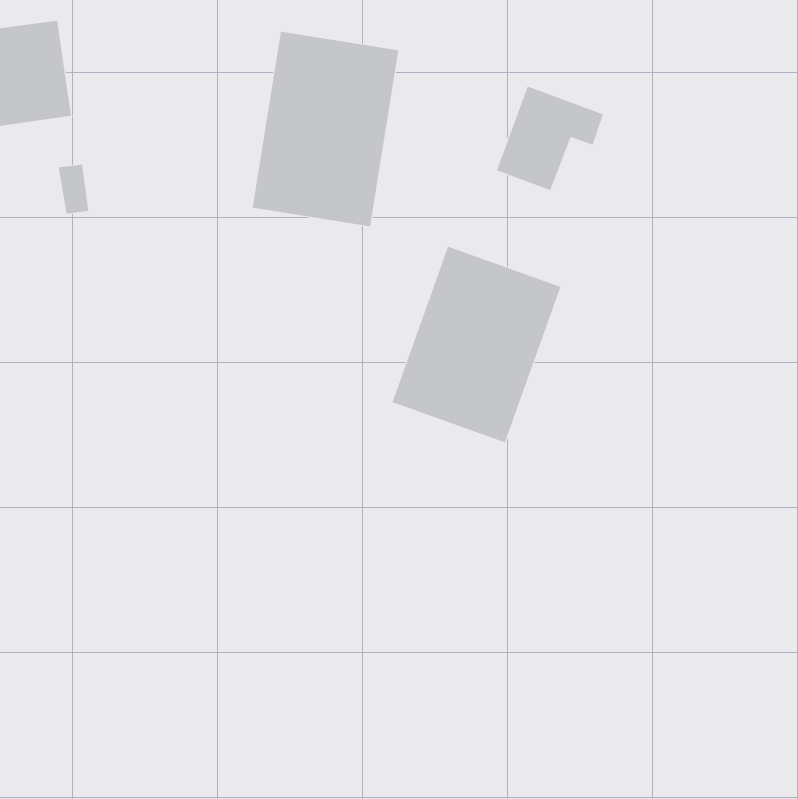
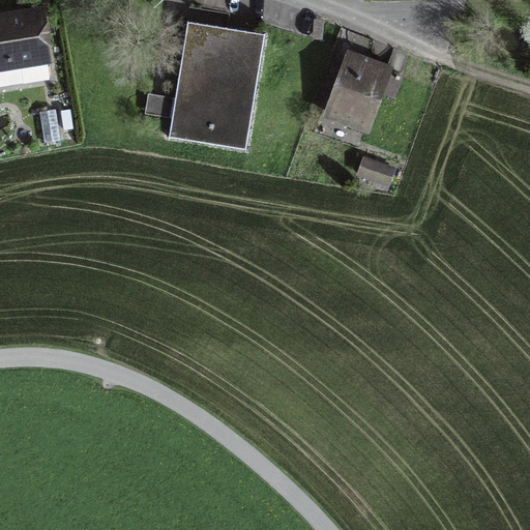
building: none -> [355,149,395,188]
building: [392,246,561,443] -> none

